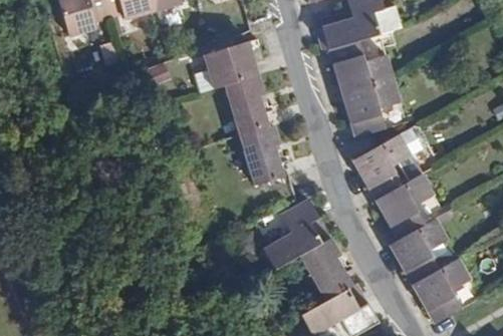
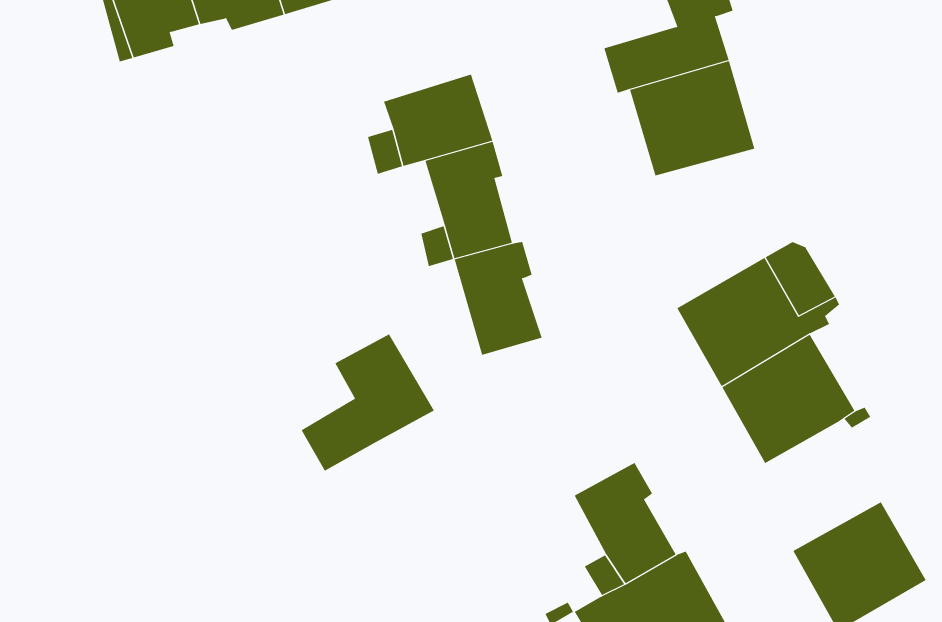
building: [341,79,405,136] -> none
building: [263,200,331,270] -> [301,334,435,471]
building: [389,219,457,284] -> none

